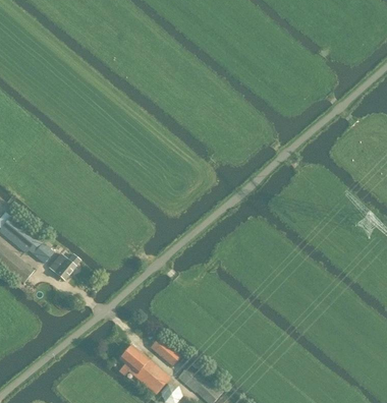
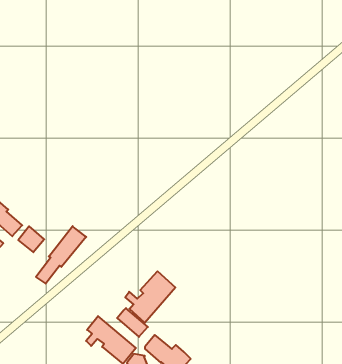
building: none -> [36,226,86,284]
building: none -> [125,271,175,323]

